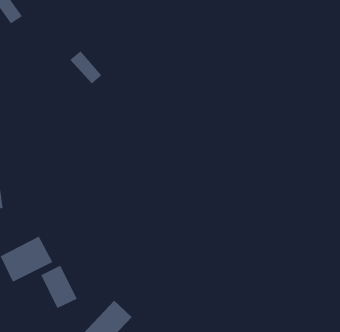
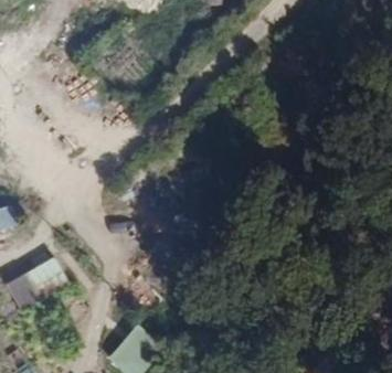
building: [41,265,78,309] -> none

